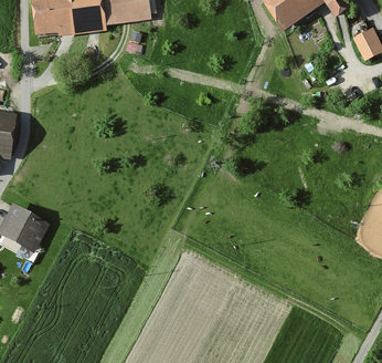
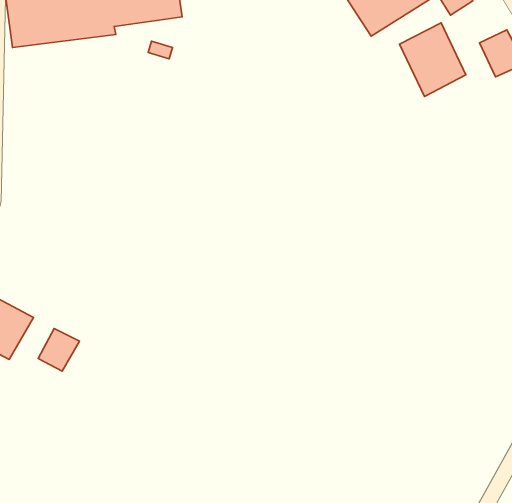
building: none -> [400,23,466,96]
building: none -> [38,329,80,371]

